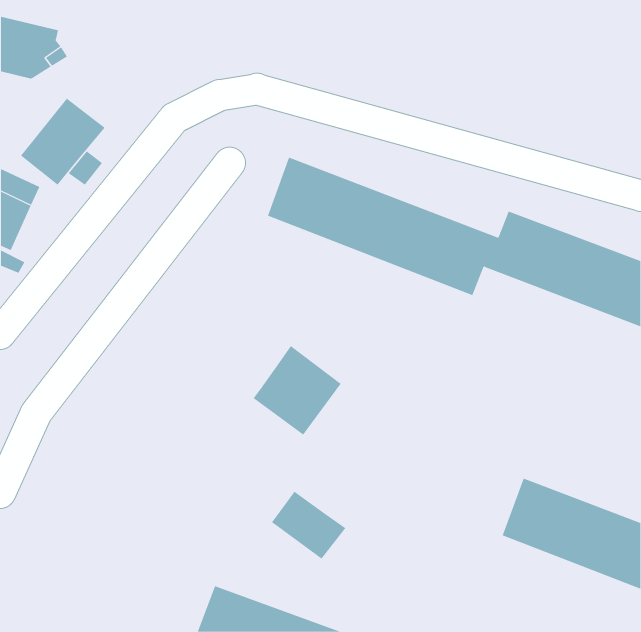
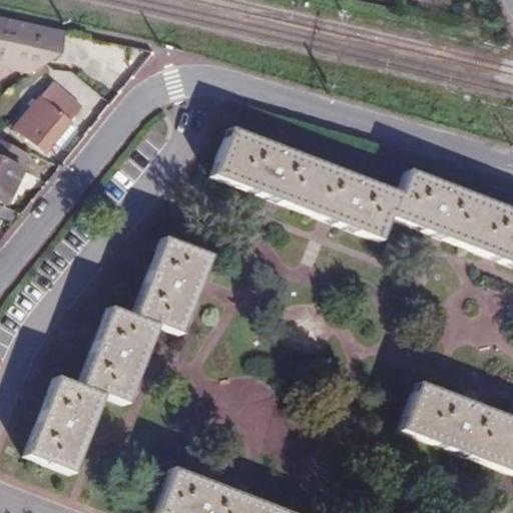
building: none -> [29,235,210,469]
building: [253,345,341,436] -> none
building: [271,491,346,560] -> none

